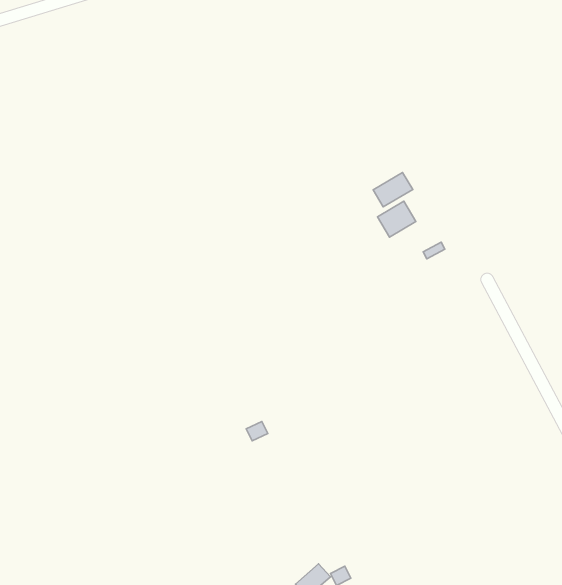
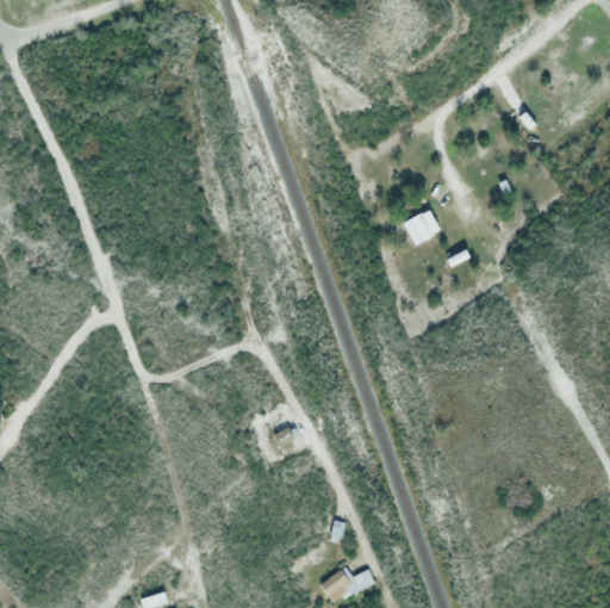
building: [373,172,413,207] -> none

